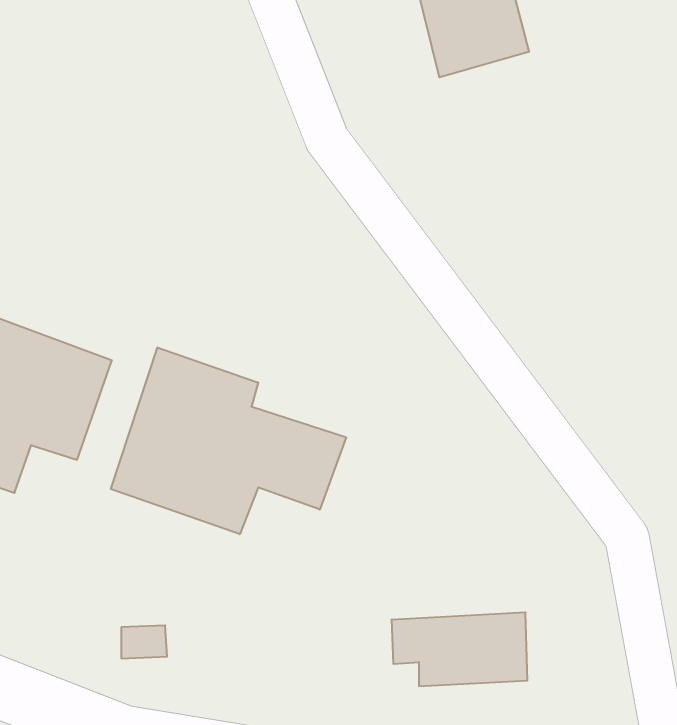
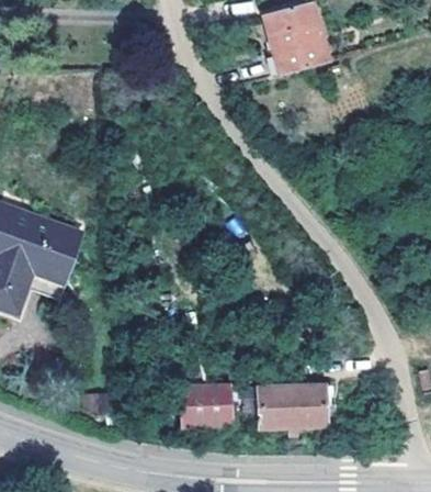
building: [111,347,346,534] -> none
building: none -> [181,384,235,427]

